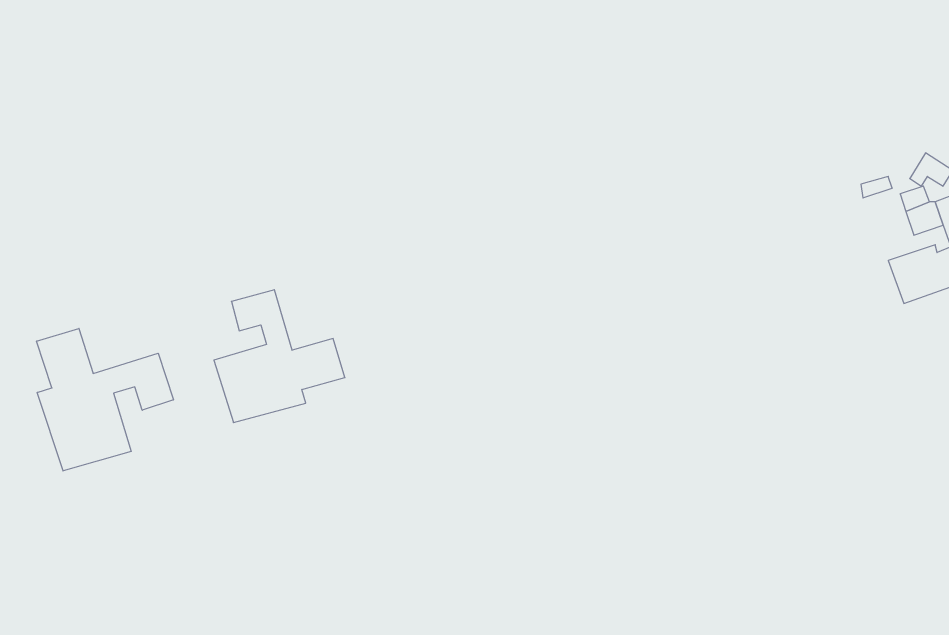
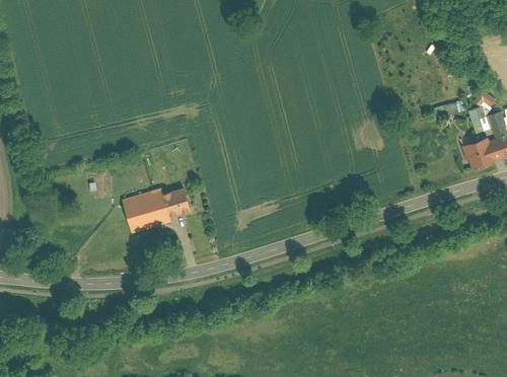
building: [37,328,173,471] -> none

